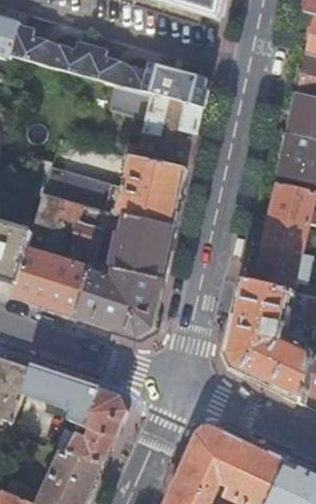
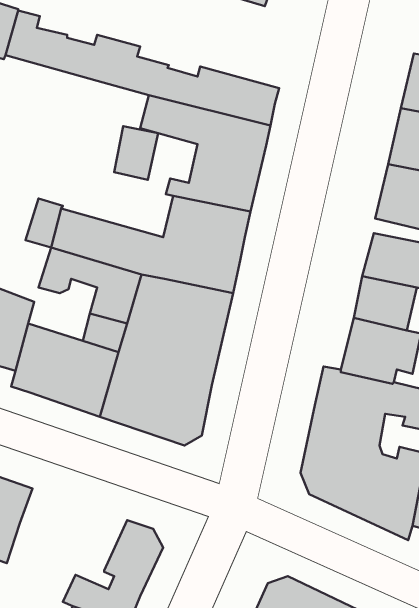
building: none -> [114,126,158,180]
building: [22,366,99,425] -> none

